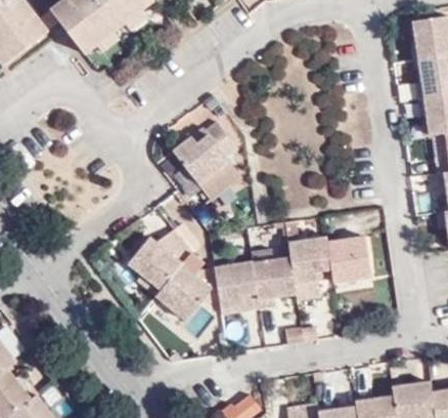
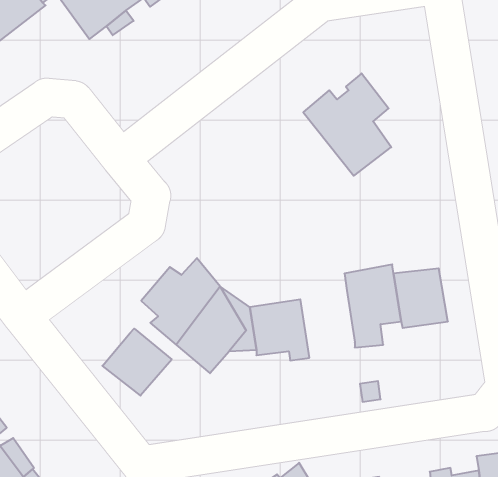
building: [171,121,240,202] -> [303,73,391,176]
building: [253,246,298,307] -> none
building: none -> [102,329,172,396]

